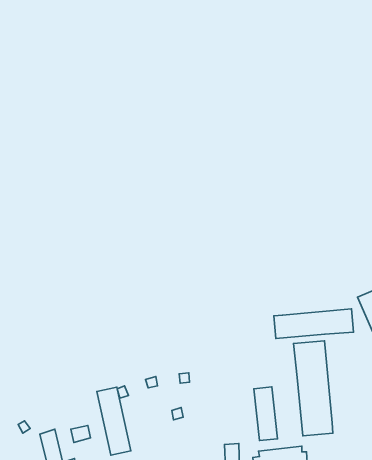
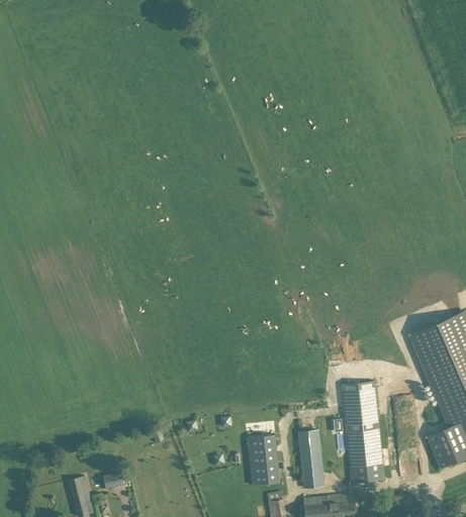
building: [274,309,354,339] -> none
building: [97,387,131,455] -> none
building: none -> [246,435,279,486]

